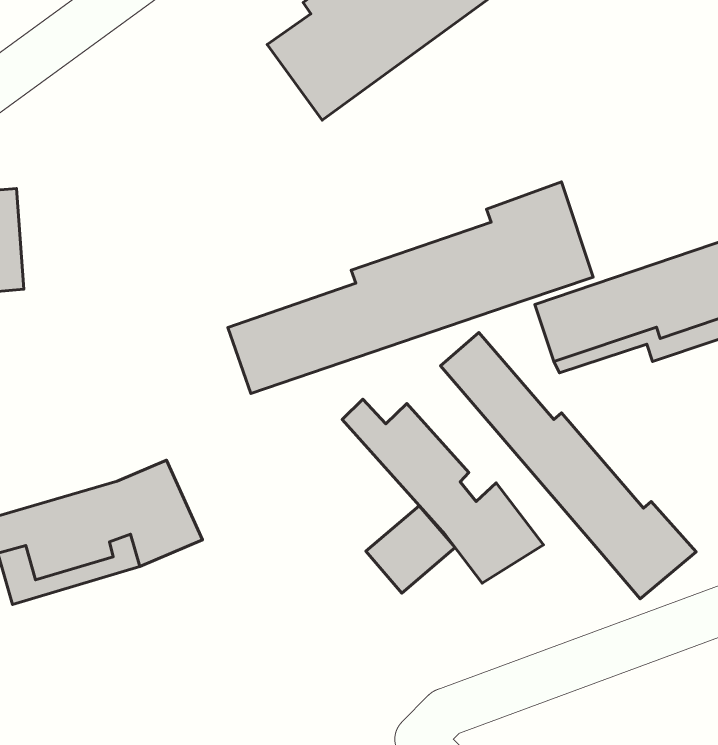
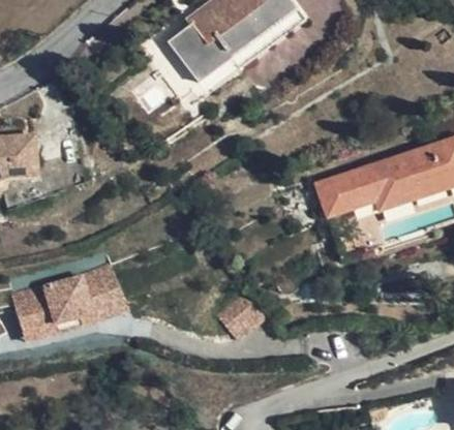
building: [228,182,593,394] -> none
building: [440,333,696,599] -> none
building: [342,399,543,583] -> none

